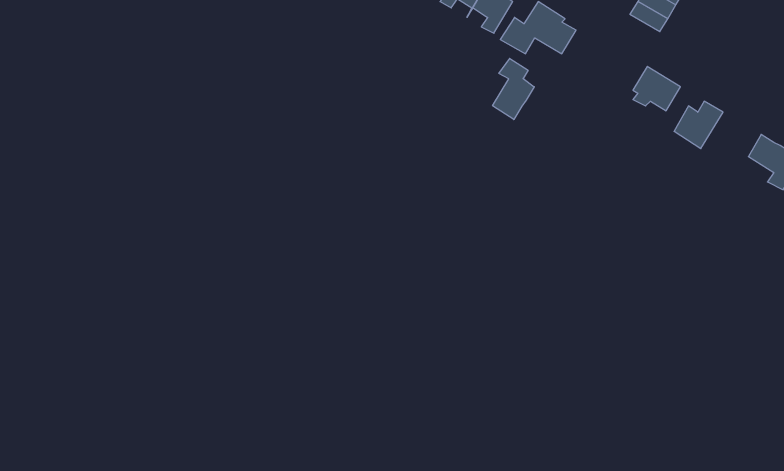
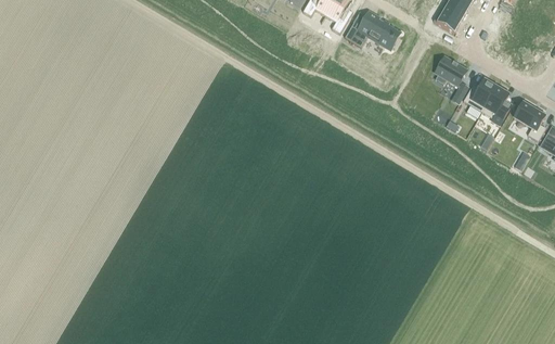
building: [493,58,534,120] -> none
building: none -> [481,88,511,126]

